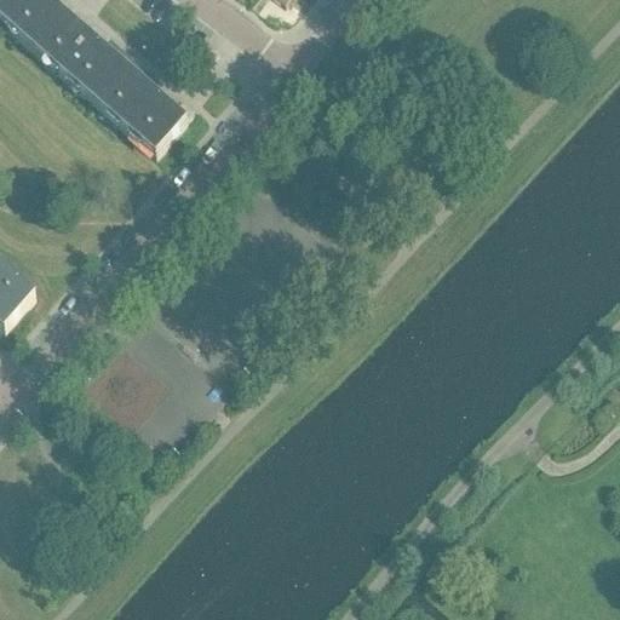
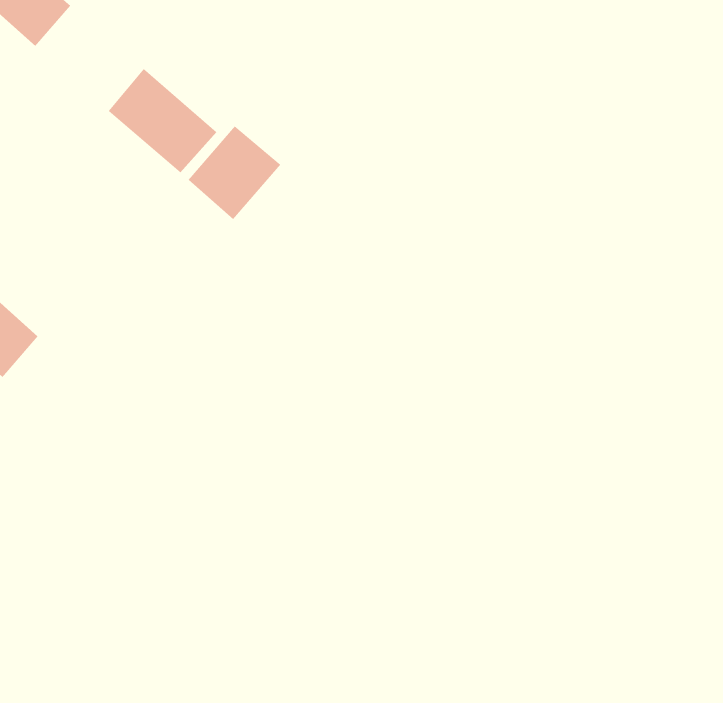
building: [30,5,122,94] -> none
building: none -> [188,125,281,220]

